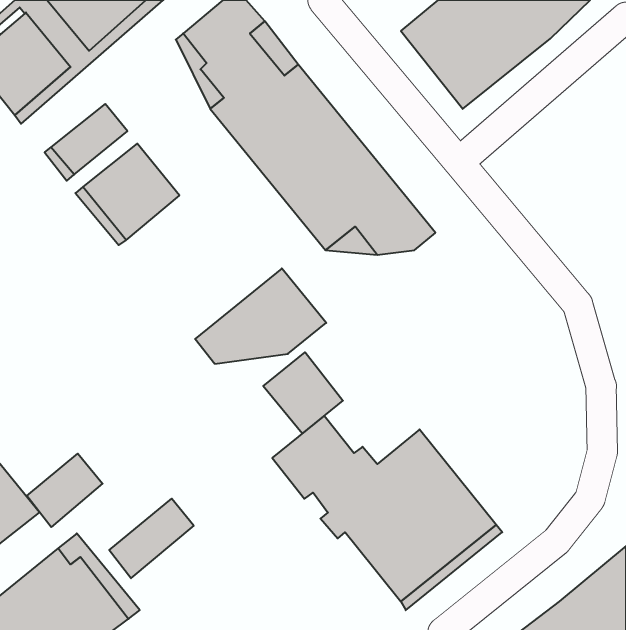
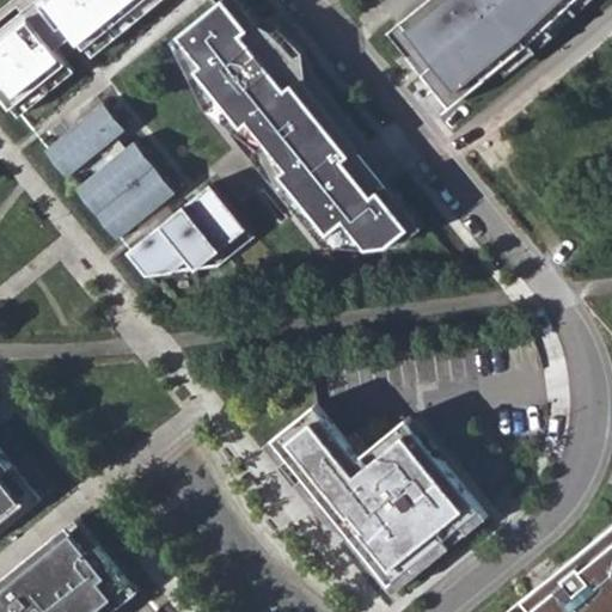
building: [195,268,326,364] -> [124,184,251,276]
building: [263,352,343,434] -> none
building: [27,454,103,527] -> none
building: [109,499,194,578] -> none

